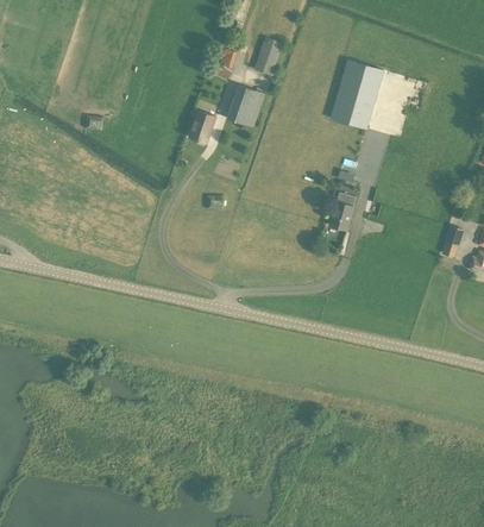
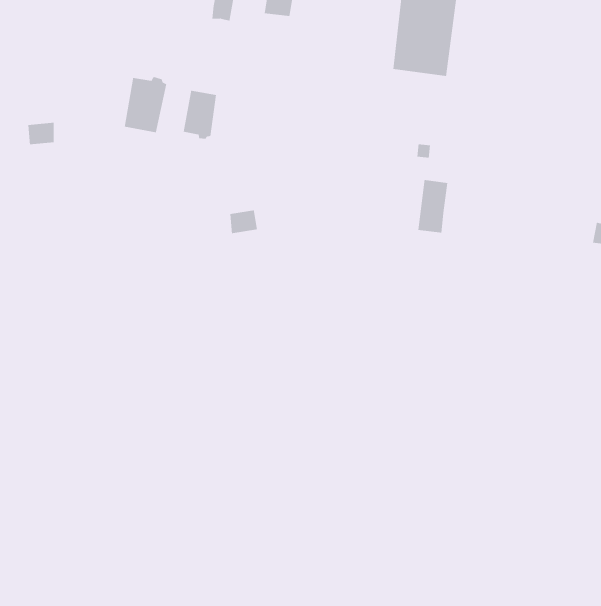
building: [227,83,263,126] -> none
building: none -> [124,76,167,133]

